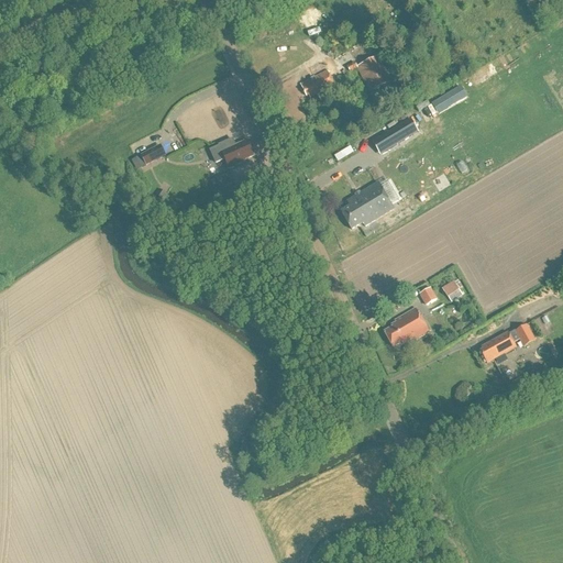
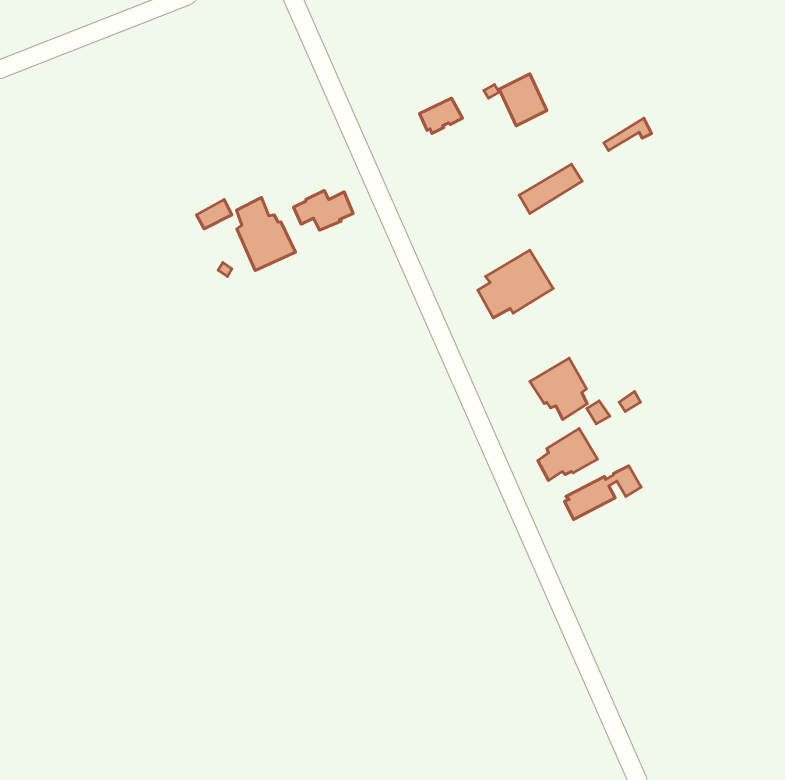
building: none -> [236,197,296,270]
building: none -> [530,358,587,420]
building: [481,324,536,363] -> [564,466,641,519]

